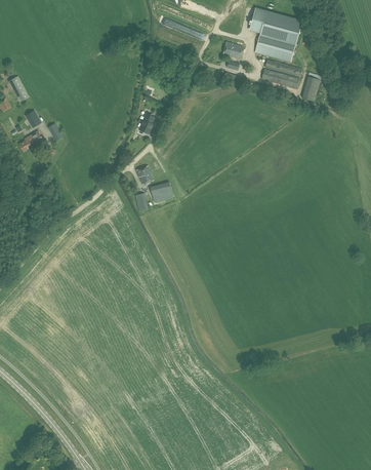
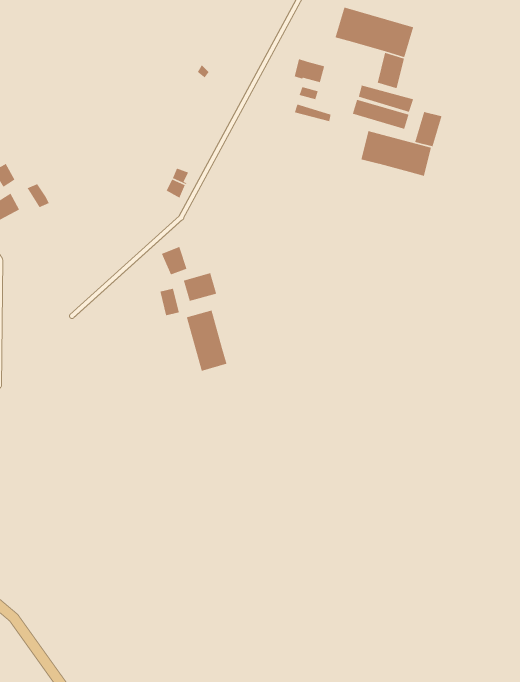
building: [254,31,282,57] -> none
building: none -> [360,130,432,177]
building: none -> [186,309,227,372]

